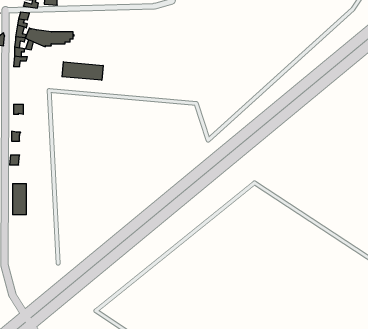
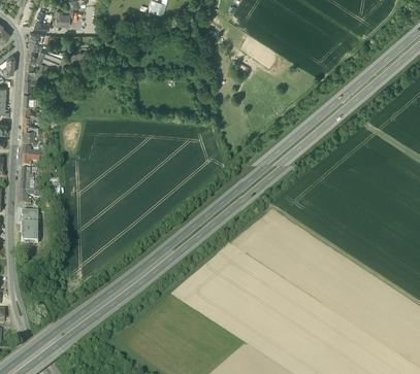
building: [62,62,103,80] -> none

